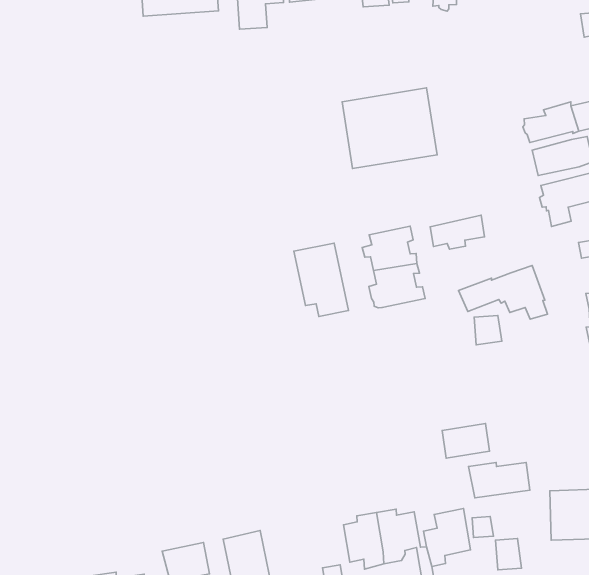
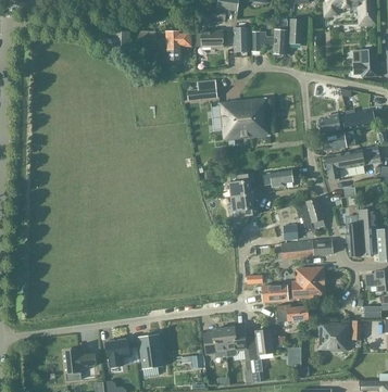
building: none -> [188,79,218,100]
building: [294,243,349,317] -> none
building: none -> [281,238,334,258]
building: none -> [292,266,326,298]

